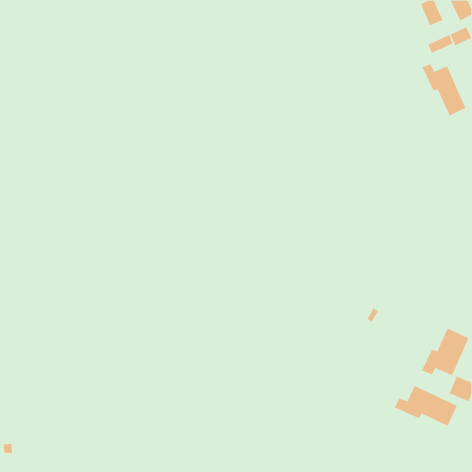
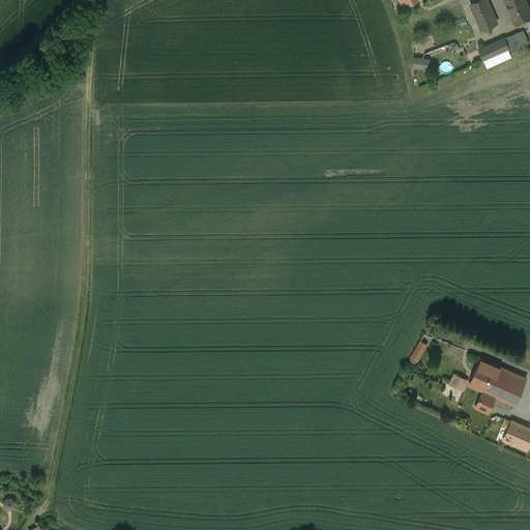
building: [422,64,466,116] -> none
building: none -> [470,359,501,393]
building: [394,385,457,426] -> none

